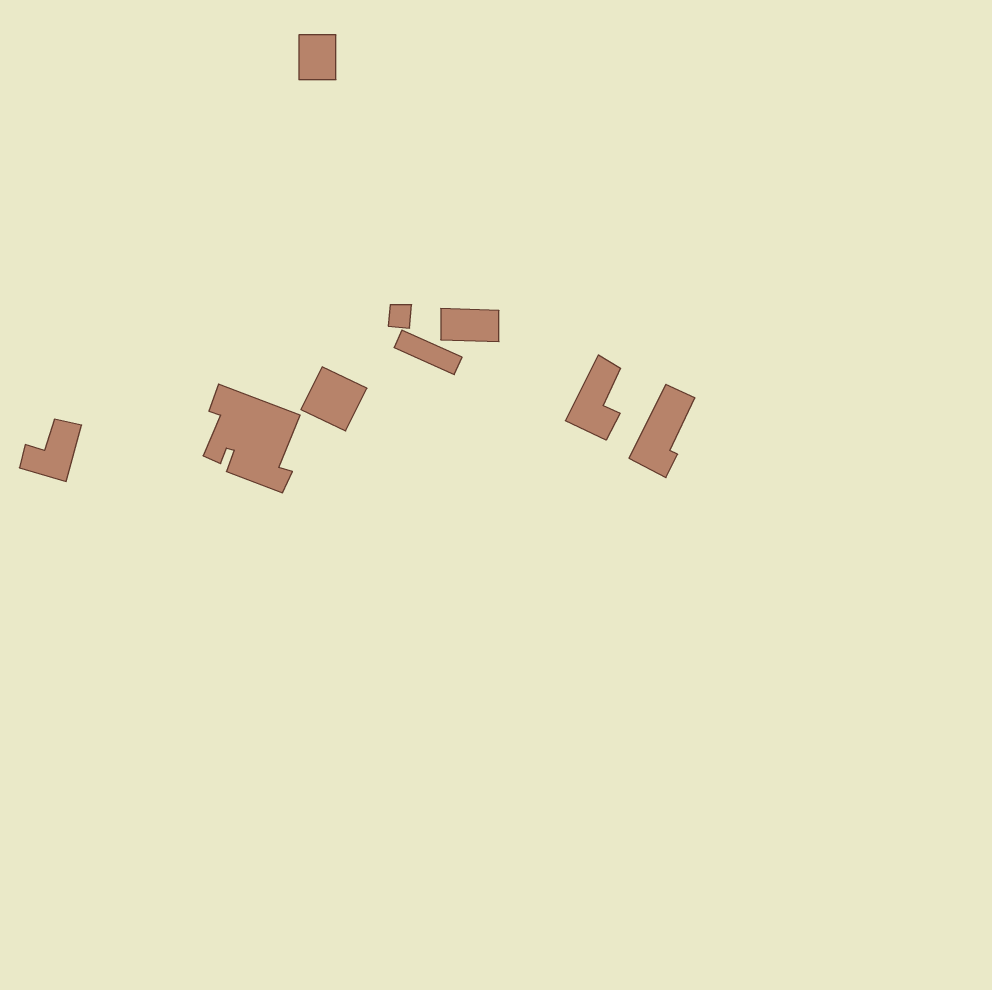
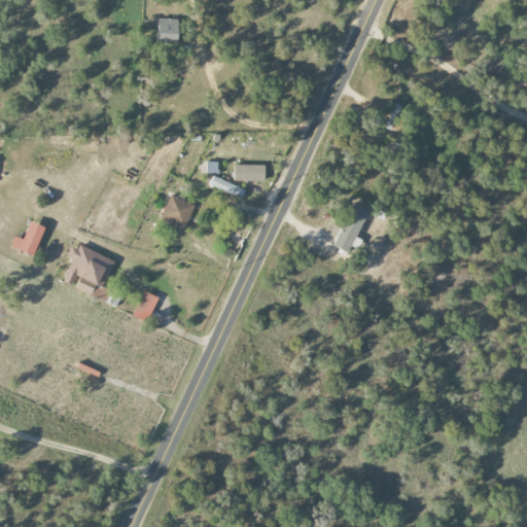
building: [565,355,621,440] -> none
building: [203,384,300,493] -> [63,243,114,301]
building: none -> [133,291,156,323]

